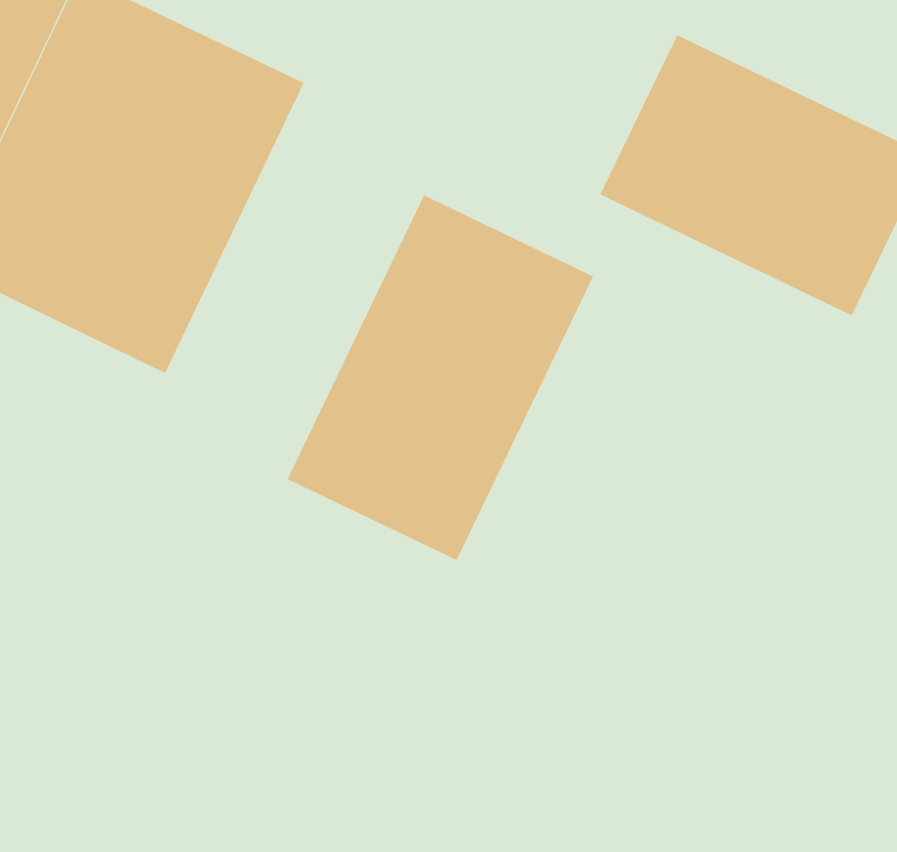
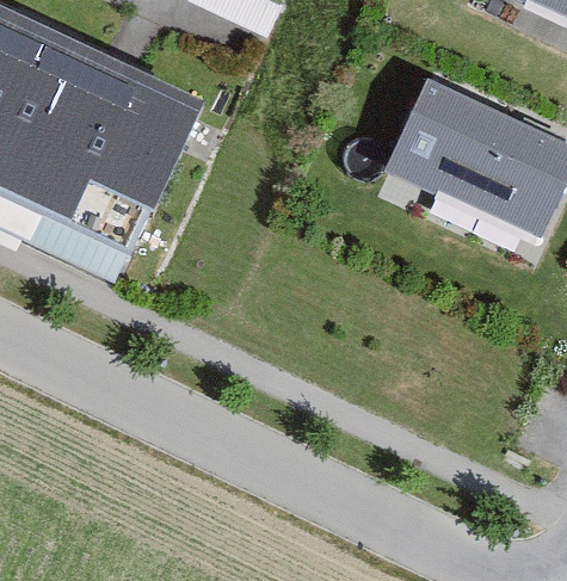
building: [287,195,594,561] -> none

